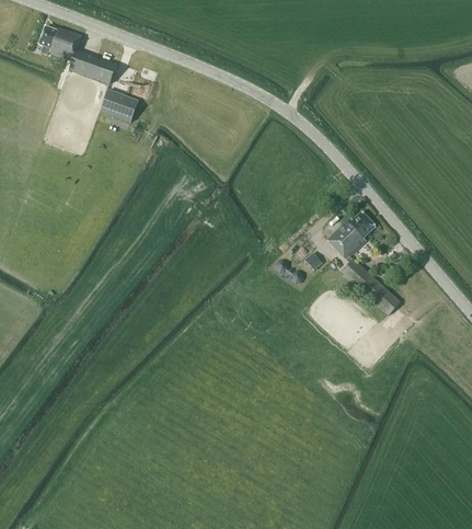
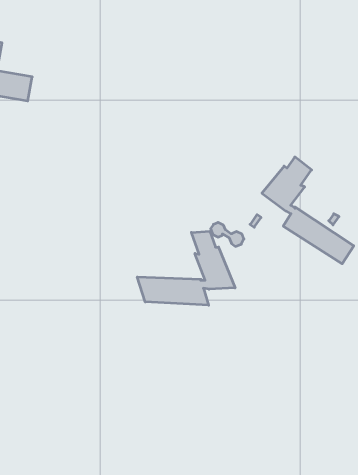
building: none -> [137,231,235,305]

